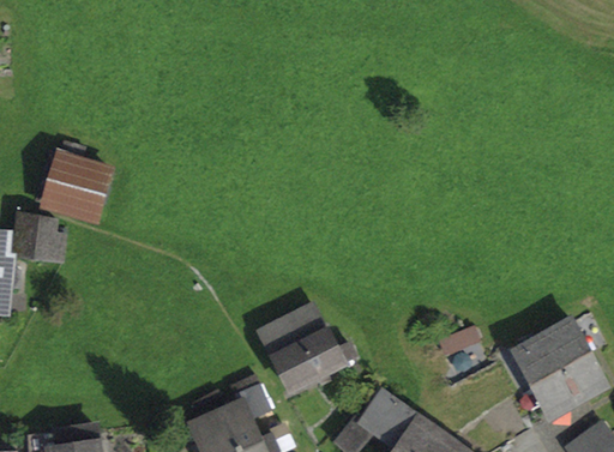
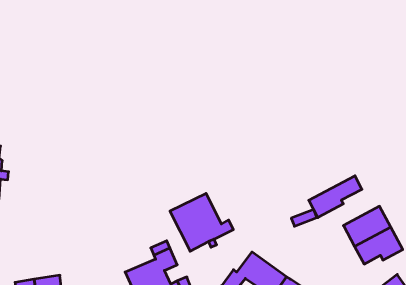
building: [46,141,112,219] -> none
building: [14,216,66,260] -> none
building: none -> [309,176,362,218]

